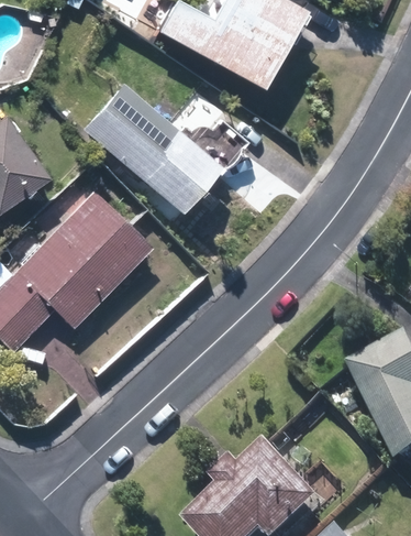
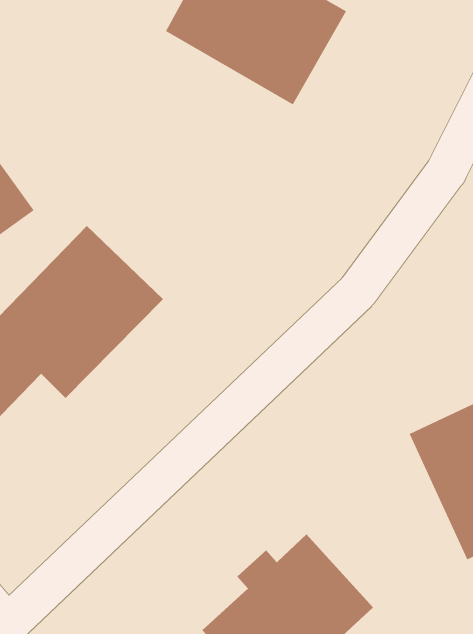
building: [81,83,220,214] -> none

